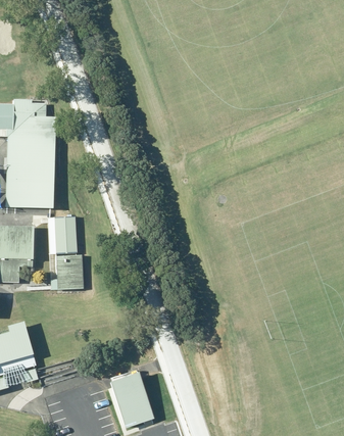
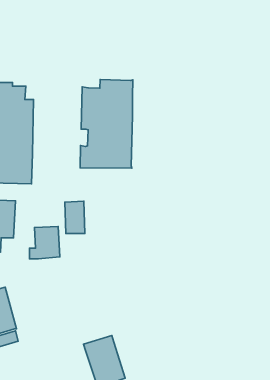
building: none -> [80,79,133,168]
building: [56,216,78,251] -> [65,201,85,233]

